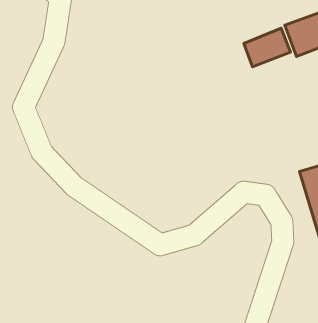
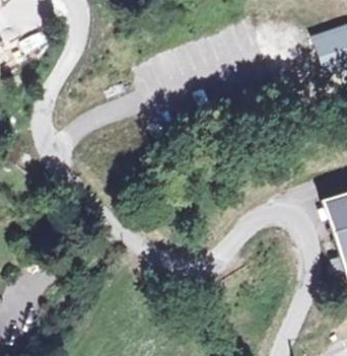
building: [244,28,291,67] -> none

